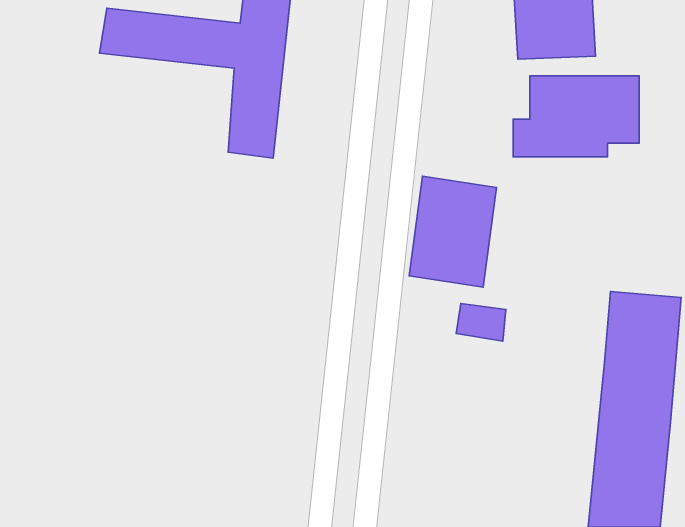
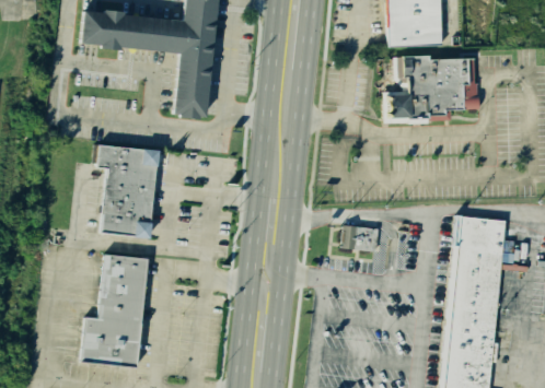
building: [409,176,497,287] -> none
building: none -> [101,146,158,237]
building: none -> [81,254,146,366]

